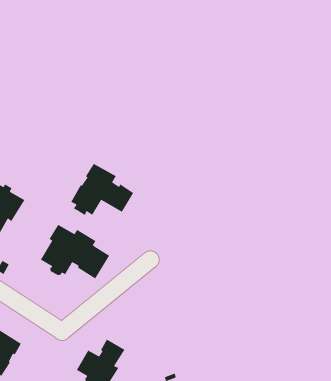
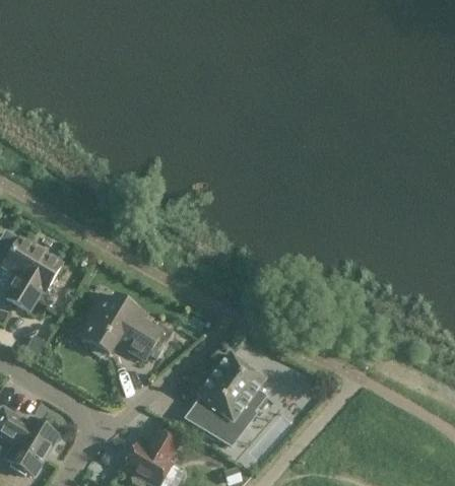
building: [70,163,134,216] -> none
building: none -> [198,352,265,440]

